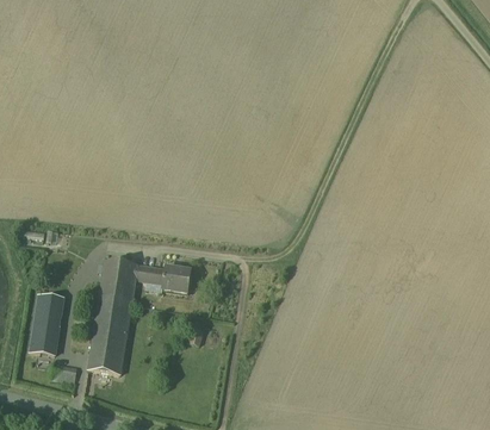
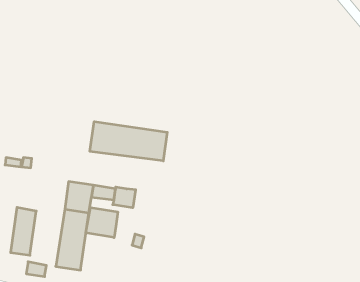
building: none -> [90,122,167,161]
building: none -> [86,208,118,238]

